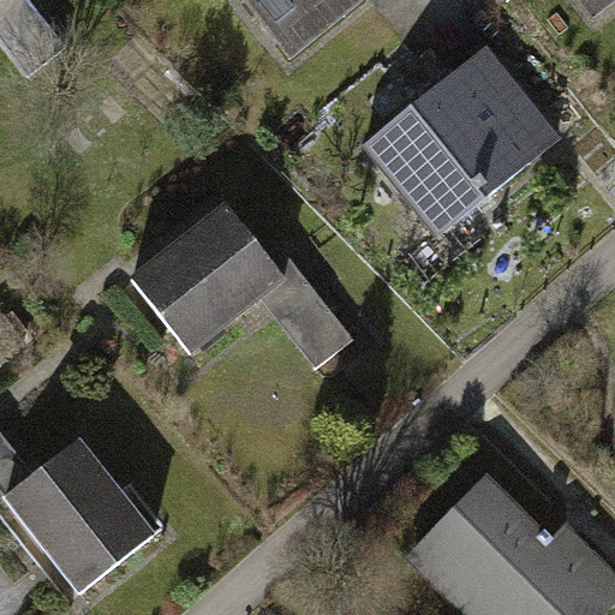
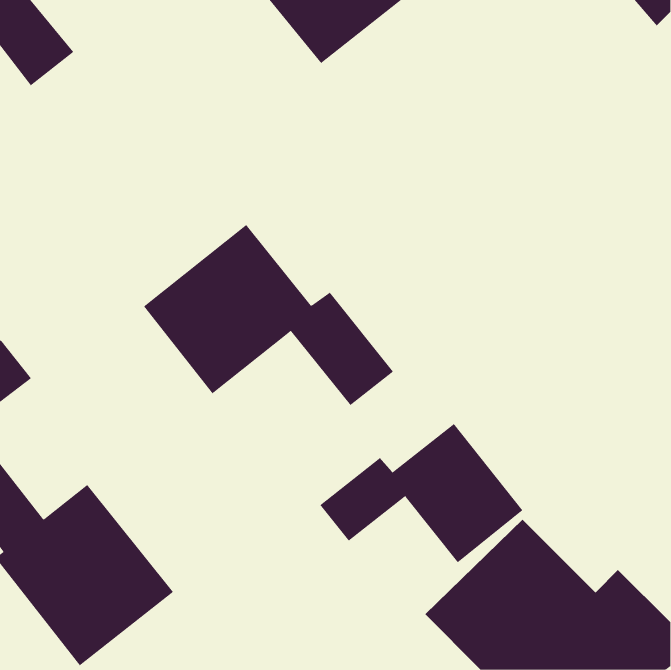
building: [365,44,562,234] -> none
building: none -> [319,423,523,563]

